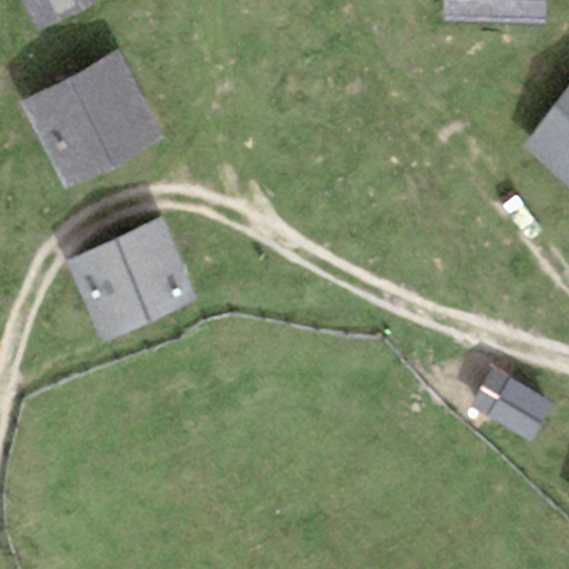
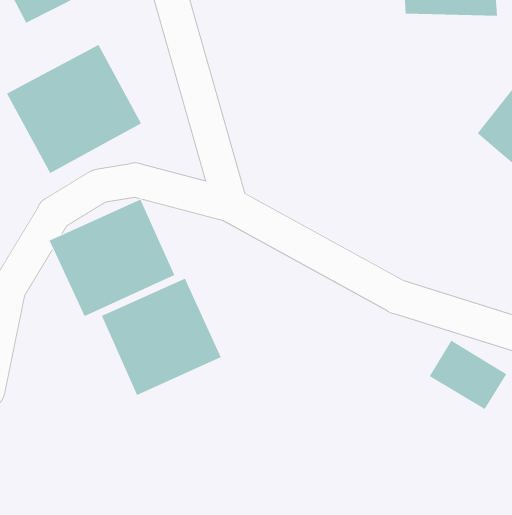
building: none -> [101,278,222,396]

